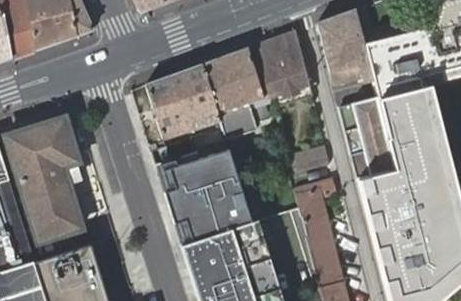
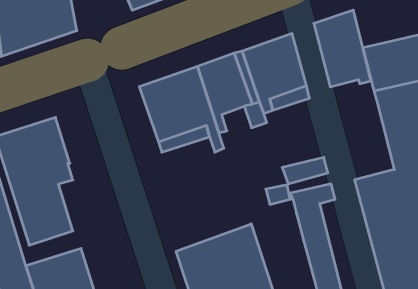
building: [340,100,396,177] -> none
building: [156,150,256,247] -> none

